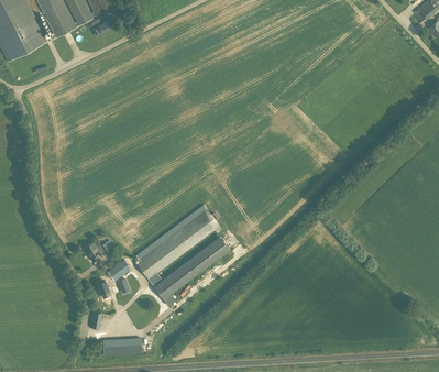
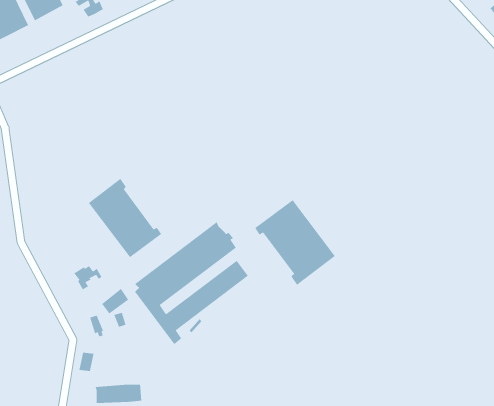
building: none -> [88,178,162,258]
building: none -> [254,199,336,286]

